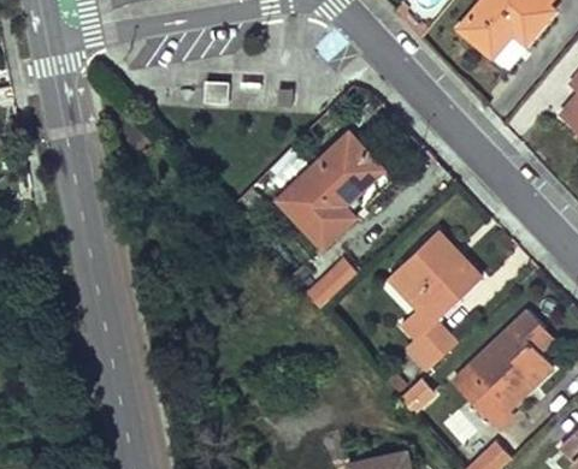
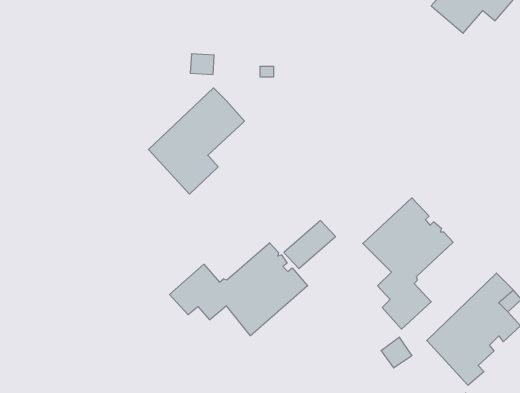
building: [281,133,382,245] -> [148,88,244,194]
building: none -> [170,243,308,336]

